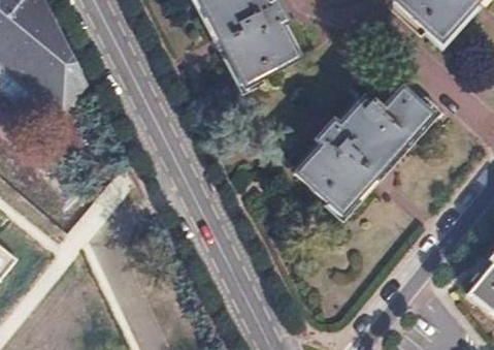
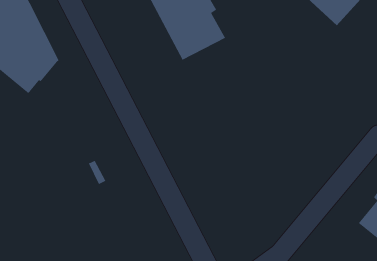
building: [294,86,438,214] -> none

